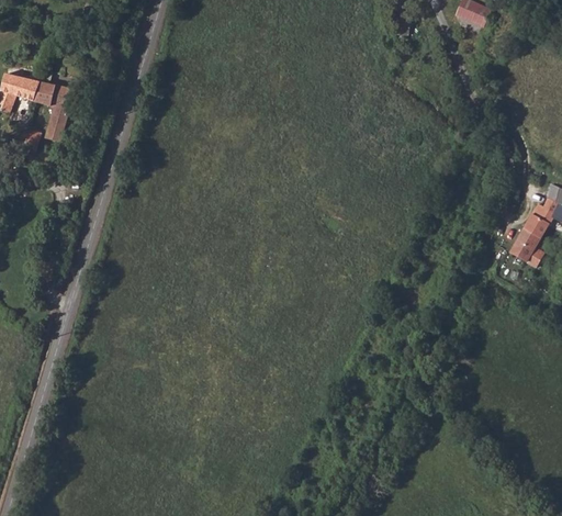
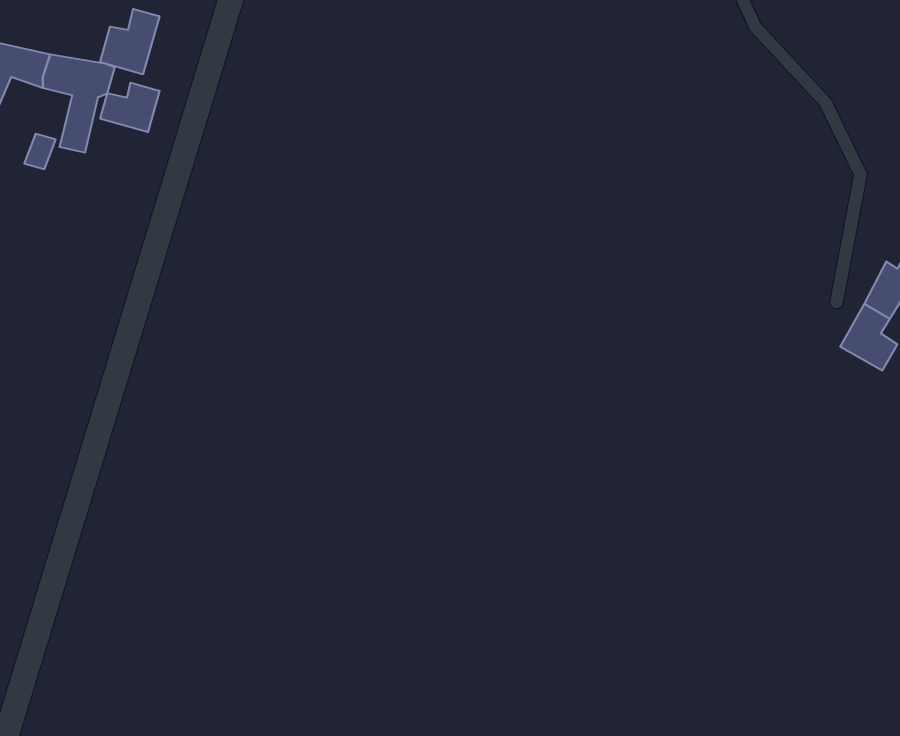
building: none -> [100,9,159,74]
building: none -> [100,83,160,132]

